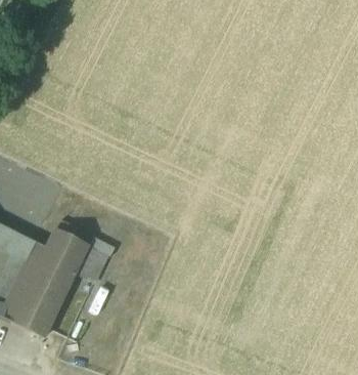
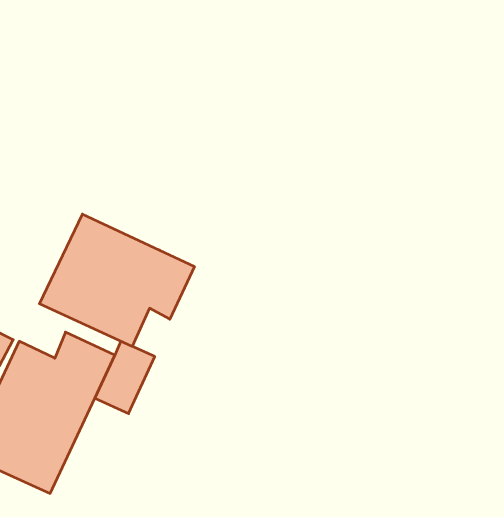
building: none -> [39,214,194,346]

